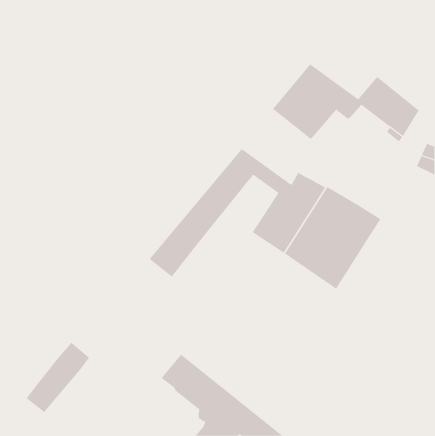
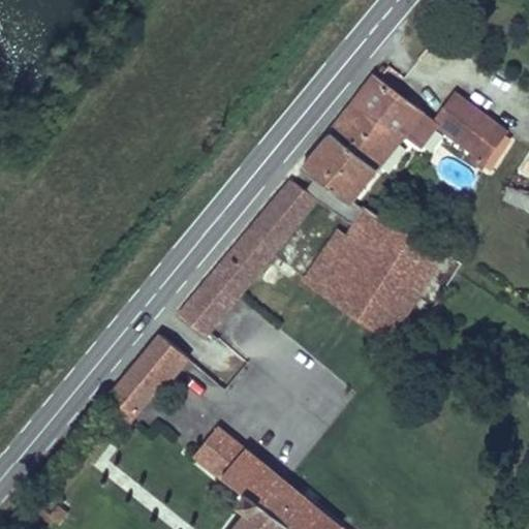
building: none -> [301,131,375,222]
building: [26,342,90,413] -> [107,335,185,421]

